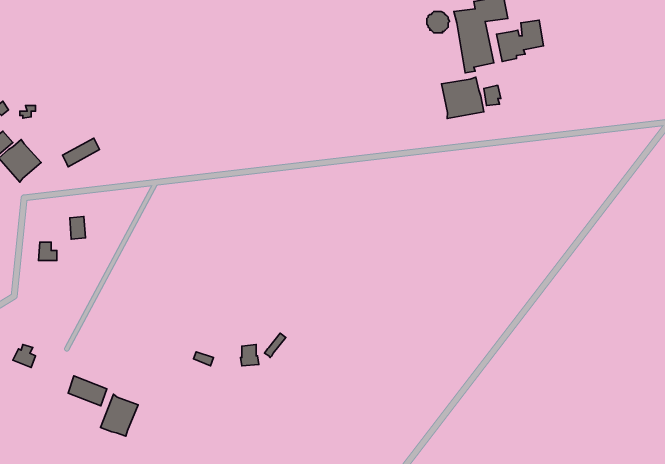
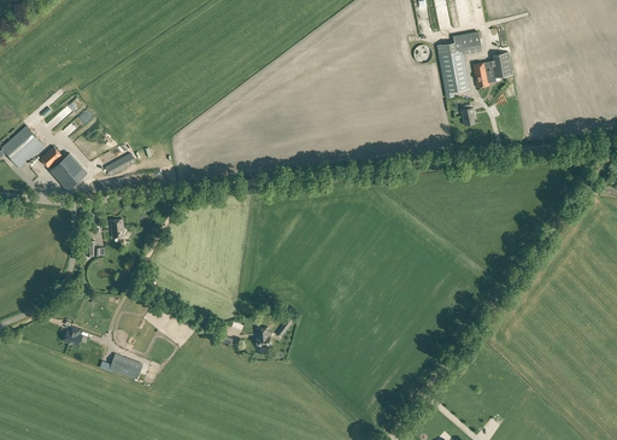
building: [441,77,484,119] -> none
building: [101,394,138,436] -> none

